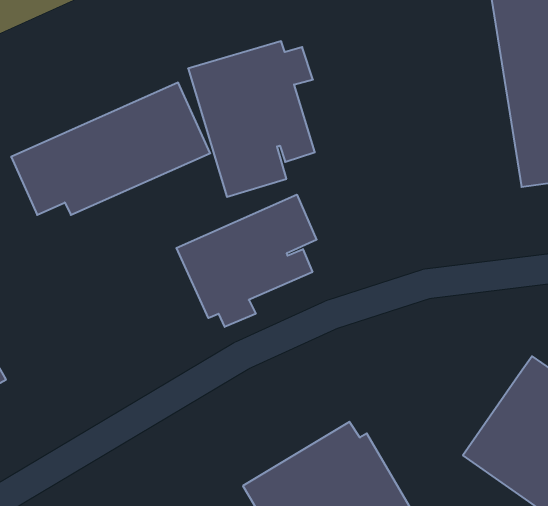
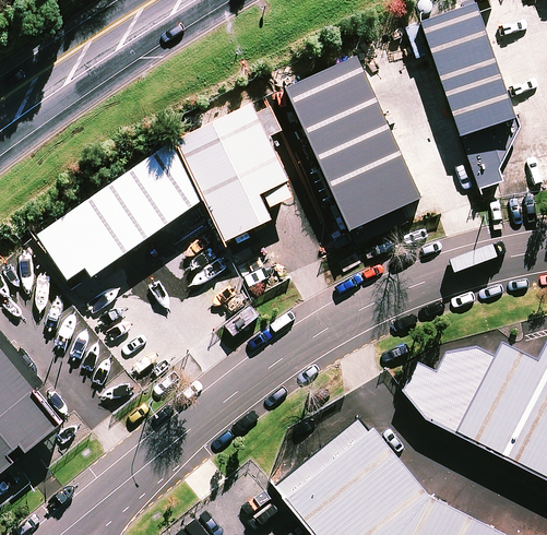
building: none -> [280,57,420,251]
building: [176,195,317,327] -> none
building: none -> [401,343,496,429]

